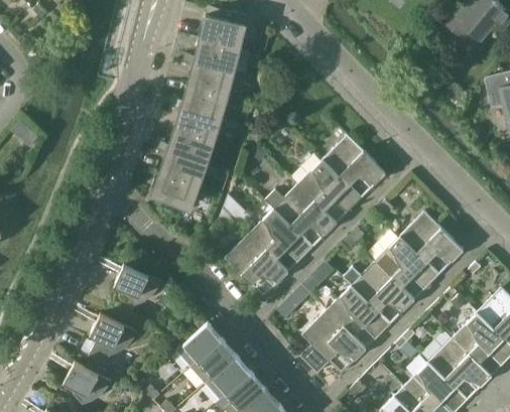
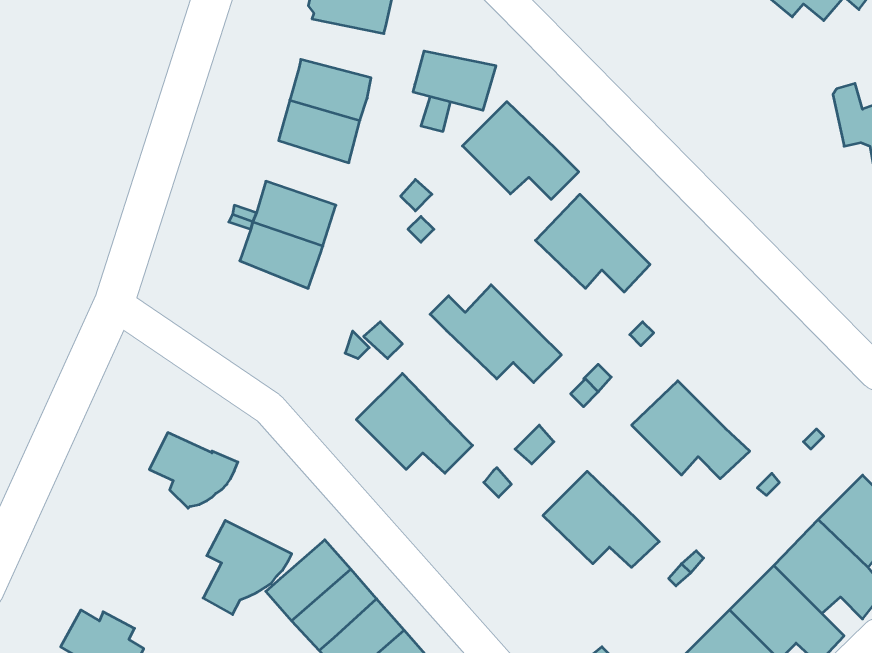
building: [196,38,241,71] -> [413,51,496,110]
building: [176,105,222,140] -> none
building: [299,159,363,213] -> [462,102,579,199]
building: [150,170,200,213] -> none
building: [251,209,313,261] -> none
building: [401,212,464,264] -> none
building: [344,260,415,314] -> none
building: [300,309,367,373] -> none
building: [89,313,137,365] -> [203,520,292,615]

